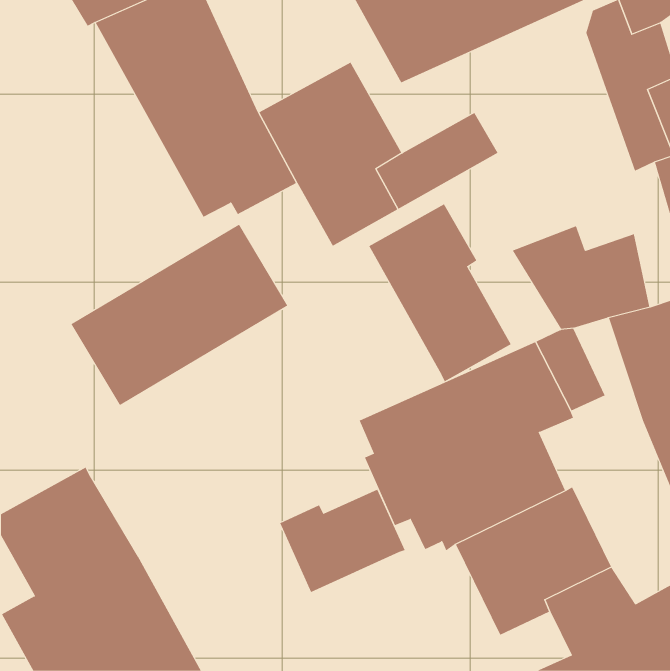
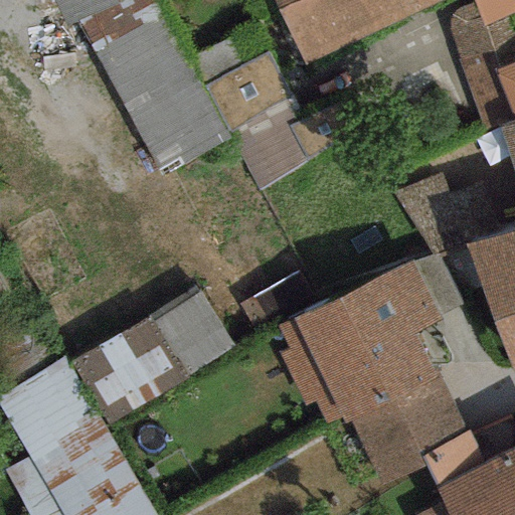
building: [368,204,511,382] -> none
building: [71,224,288,406] -> [71,286,237,424]
building: [279,489,405,593] -> none

